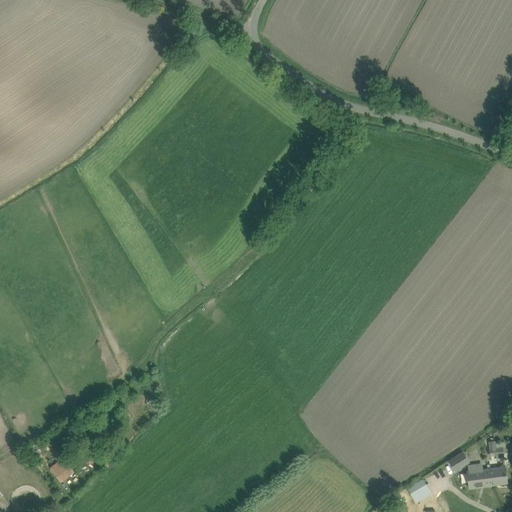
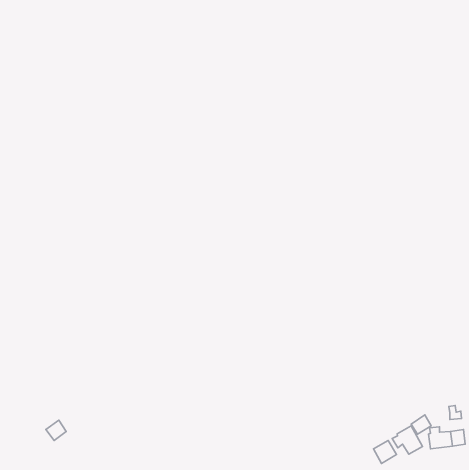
building: none -> [392,426,423,454]

